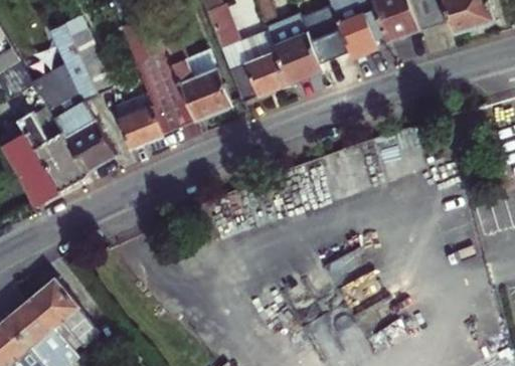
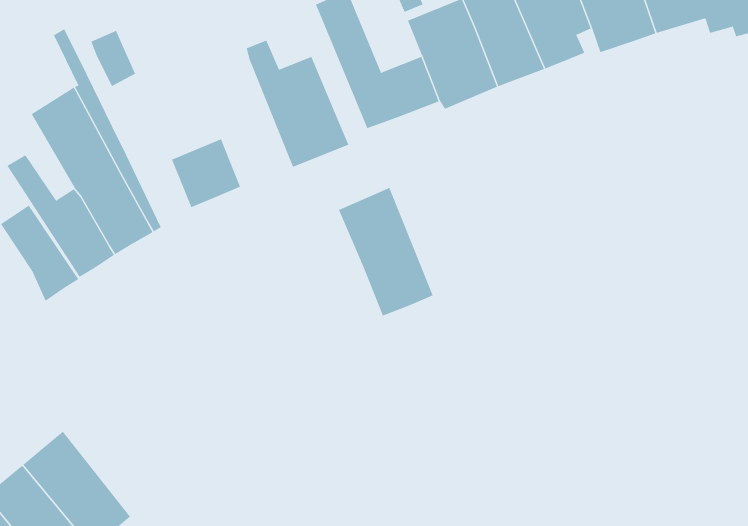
building: [54,27,112,102] -> none
building: [137,51,196,132] -> [338,187,434,317]

